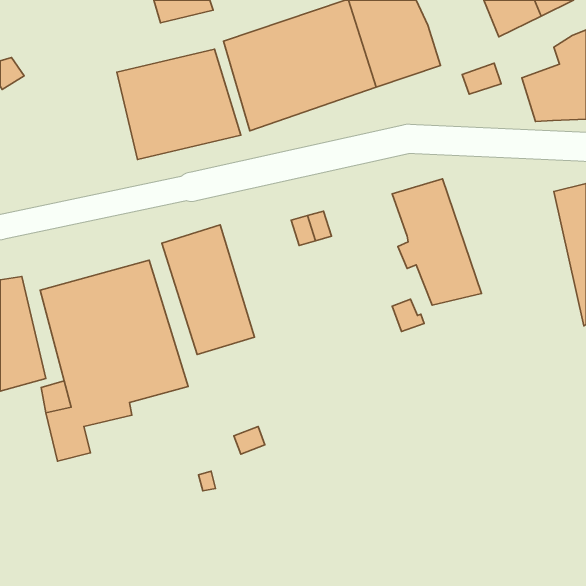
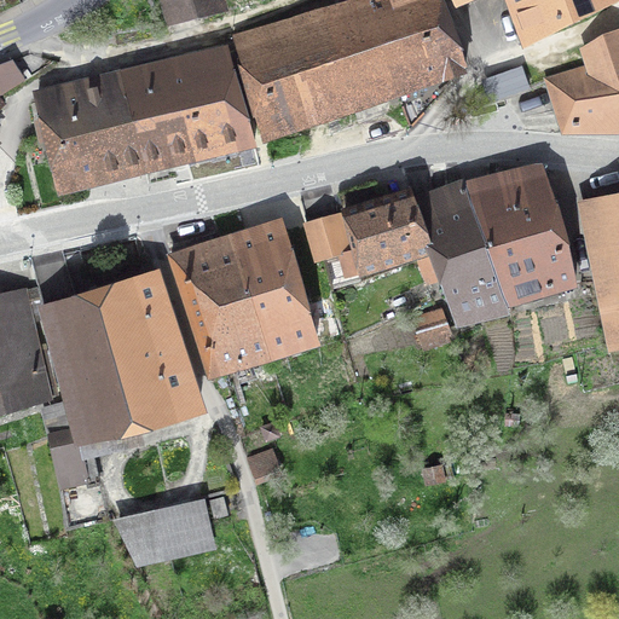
building: none -> [36,76,145,190]
building: none -> [467,168,574,310]
building: none -> [324,185,429,280]
building: none -> [232,220,339,355]
building: none -> [117,509,210,562]

